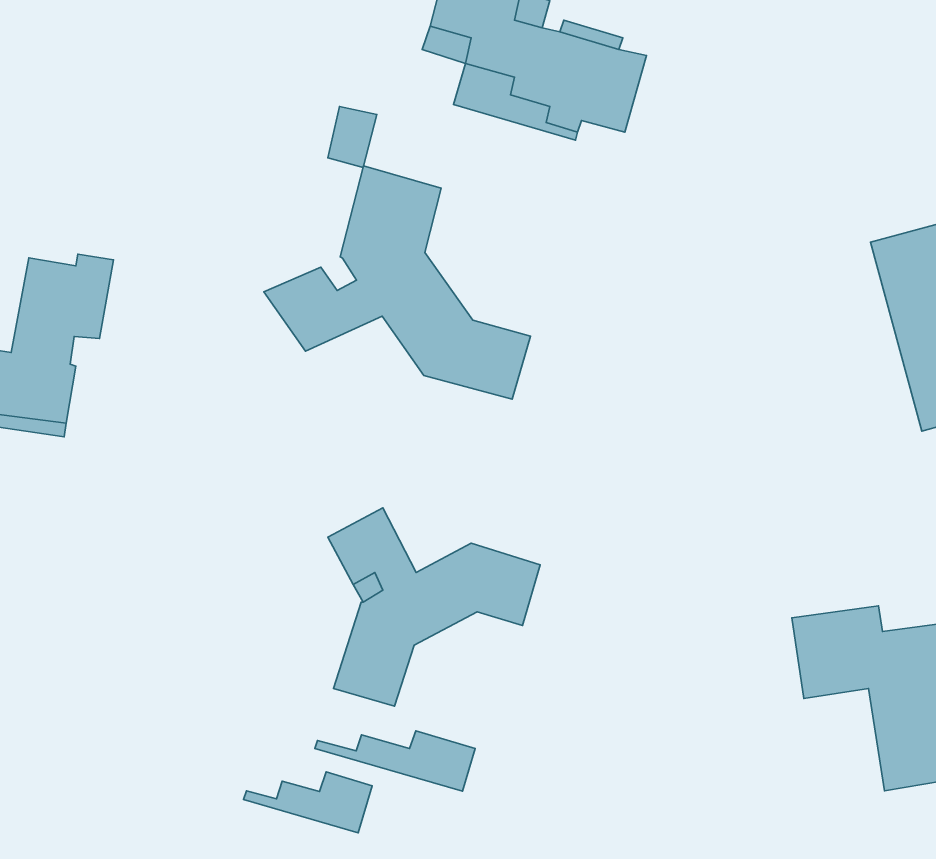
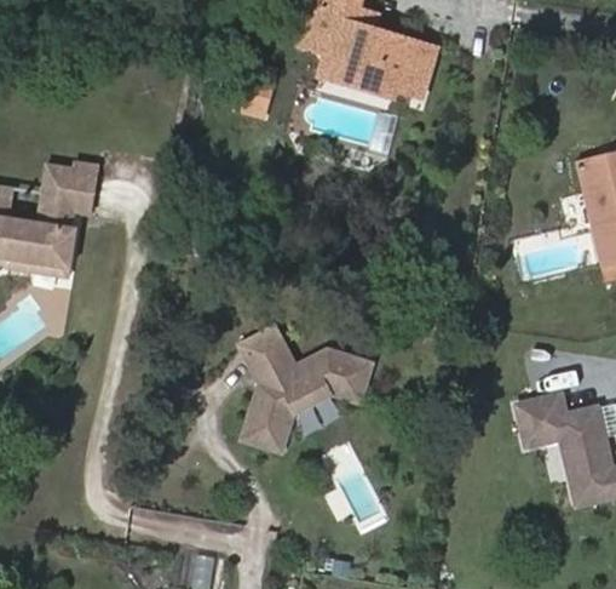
building: [264,166,531,399] -> none
building: [315,731,475,791] -> none
building: [244,772,372,833] -> none

